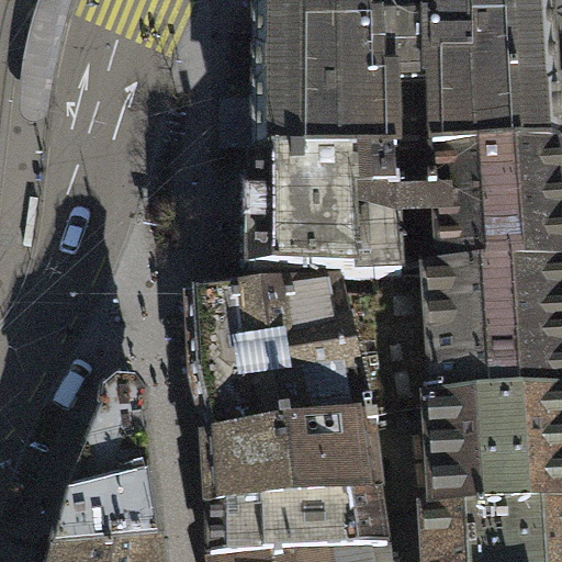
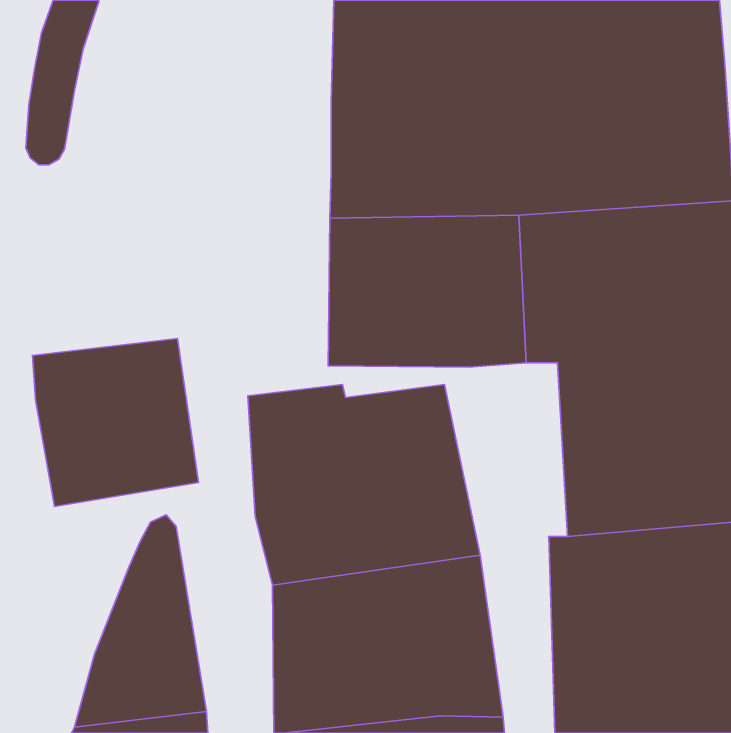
building: none -> [32,338,198,506]

